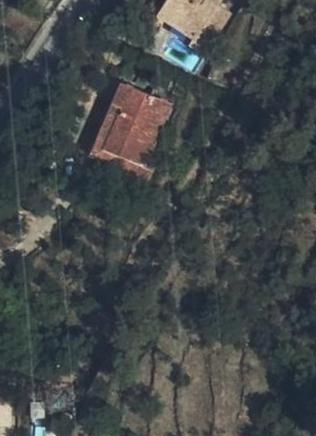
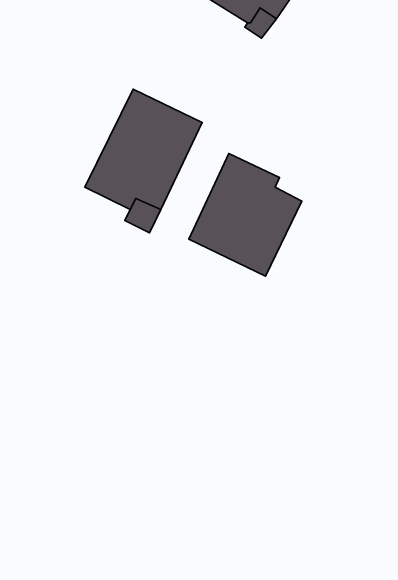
building: none -> [189,153,302,276]

